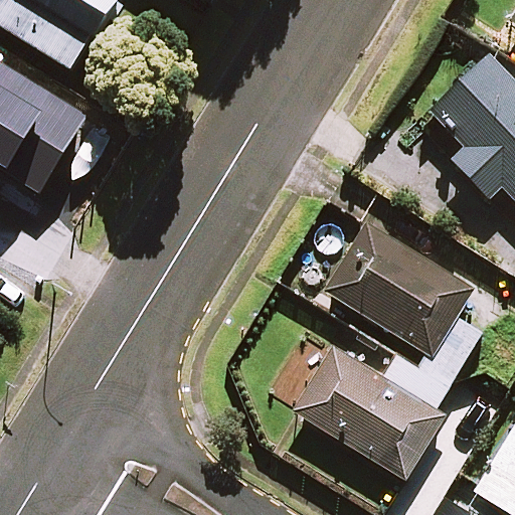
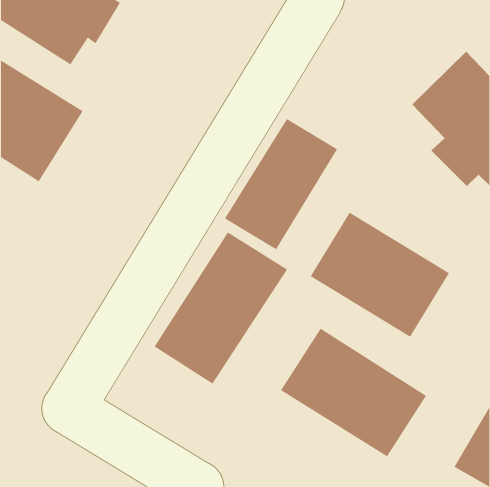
building: none -> [224,118,338,250]
building: none -> [154,231,288,384]

